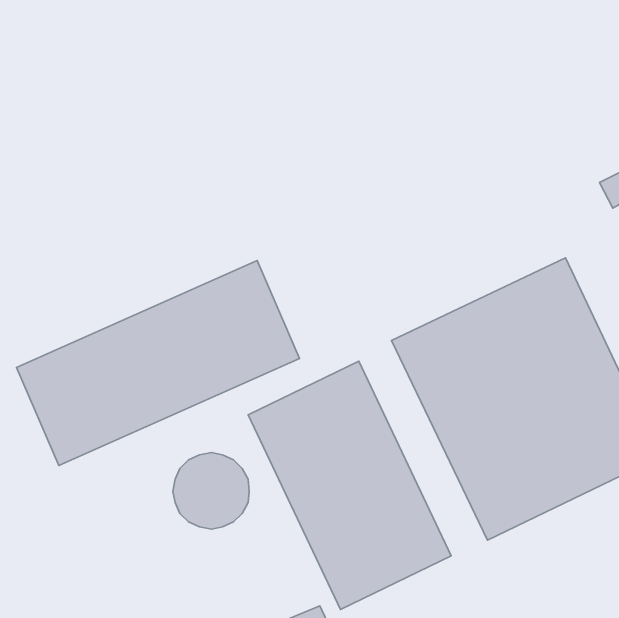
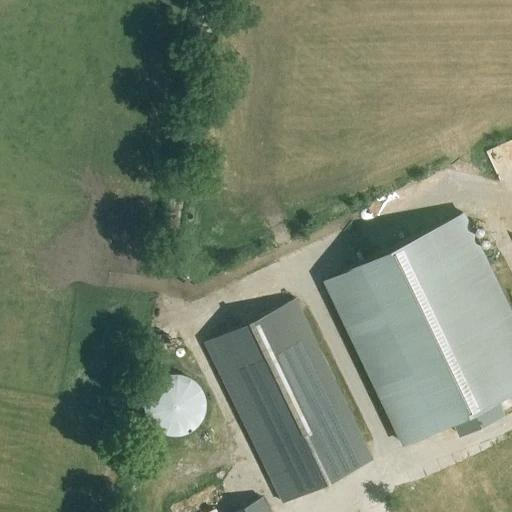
building: [16,261,299,465] -> none

